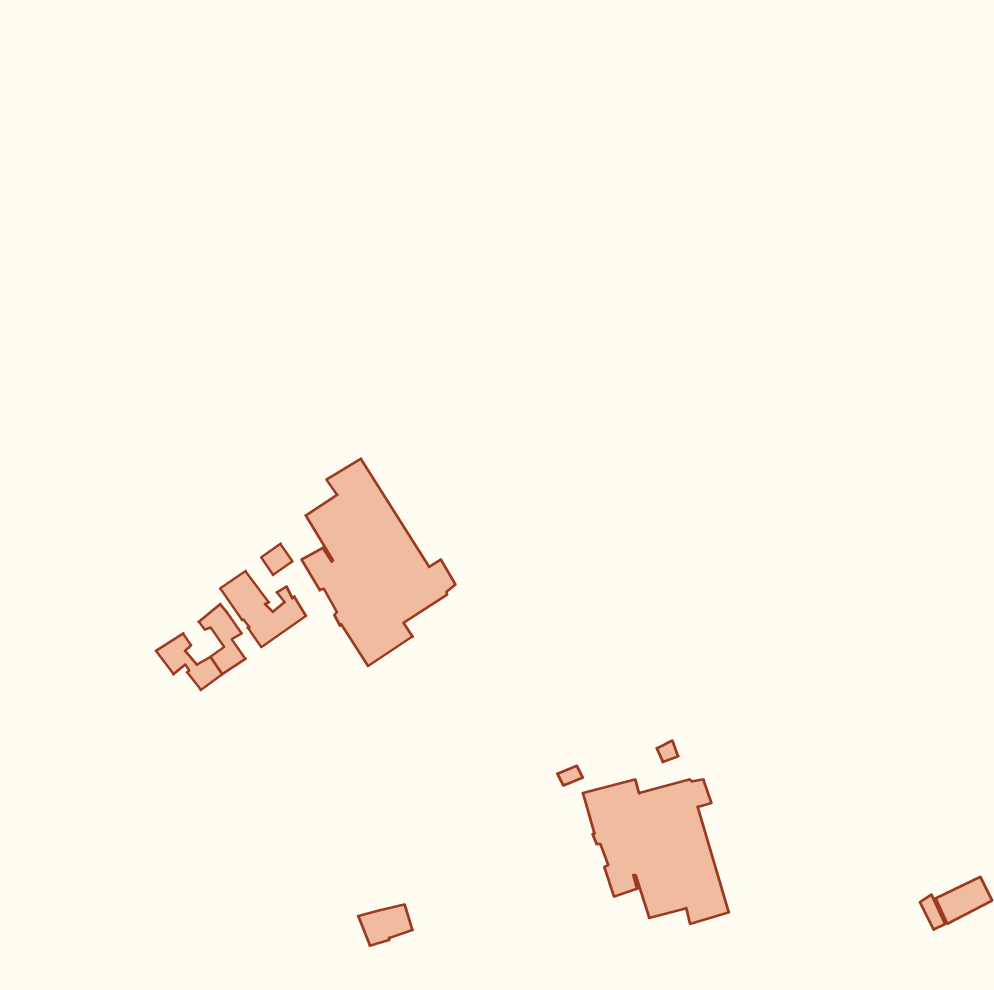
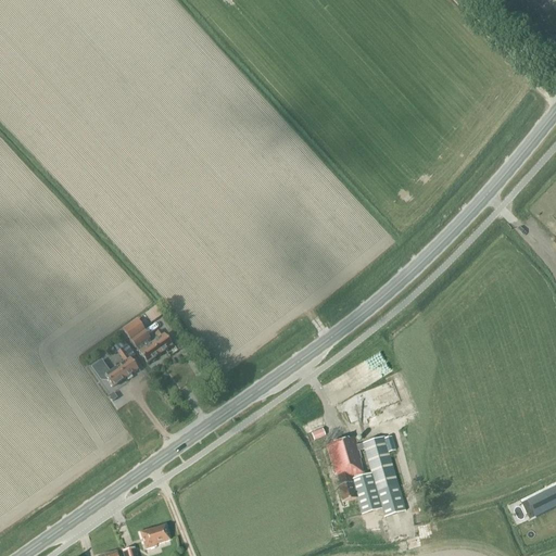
building: [302,459,455,666] -> none
building: [358,905,413,946] -> [140,523,170,546]

